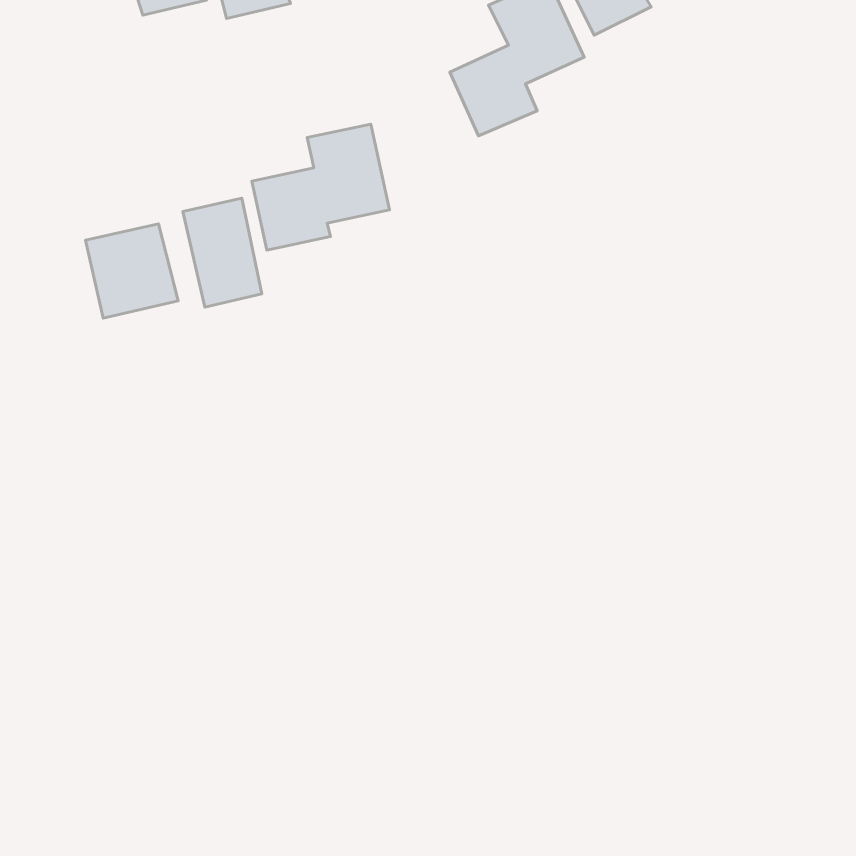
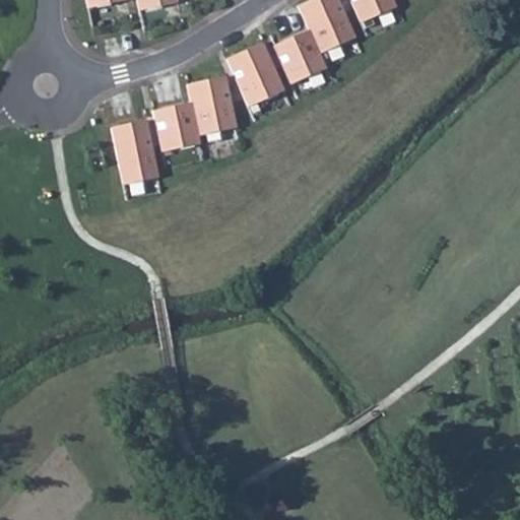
building: none -> [226,41,284,106]
building: [85,224,178,318] -> none

